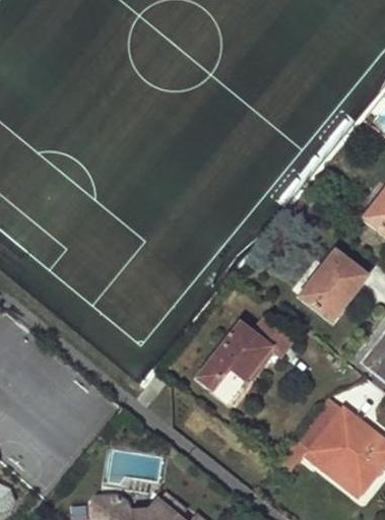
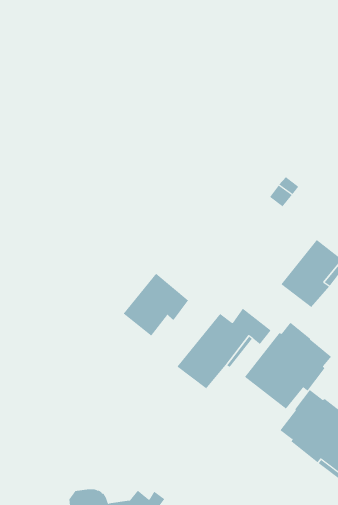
building: none -> [123,273,189,336]
building: none -> [244,322,332,409]

